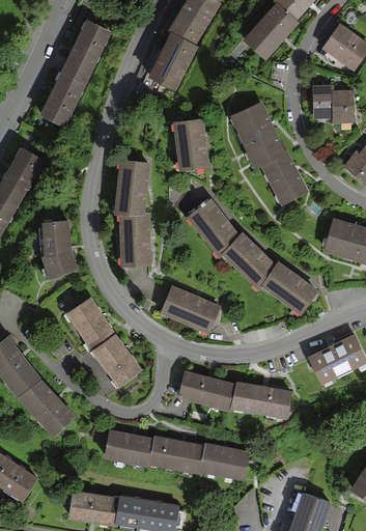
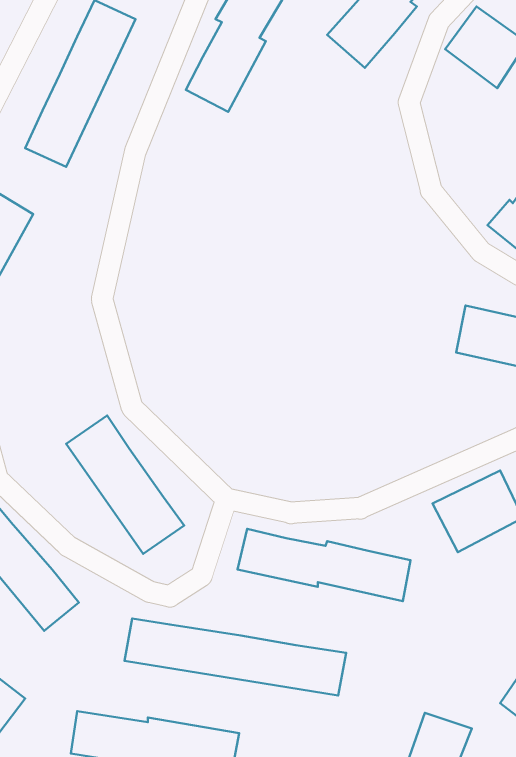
building: [314,89,356,128] -> none
building: [226,105,307,208] -> none
building: [174,123,212,176] -> none
building: [116,166,152,273] -> none
building: [184,199,316,319] -> none
building: [44,218,80,279] -> none
building: [162,290,221,337] -> none

